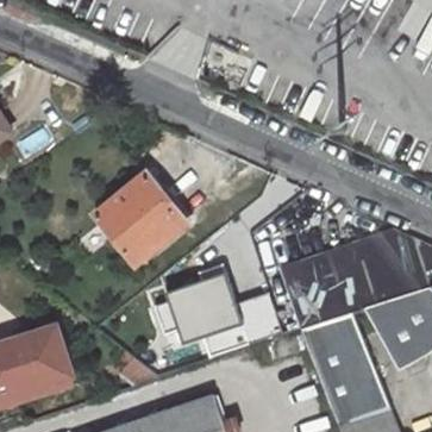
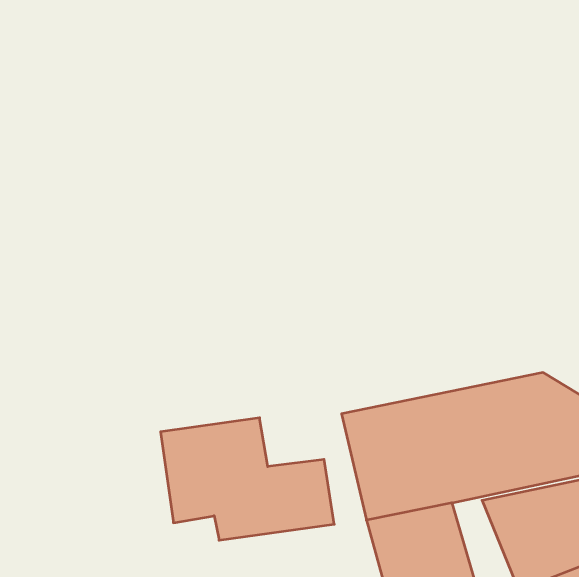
building: [98,180,187,268] -> none

